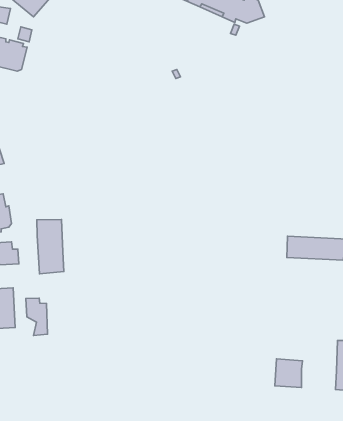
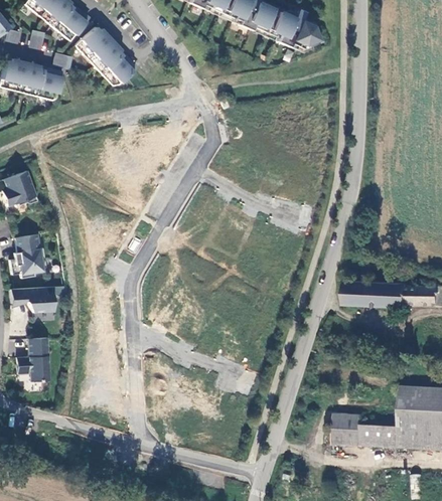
building: none -> [76,26,136,85]
building: [37,219,64,274] -> none
building: [26,298,48,335] -> none
building: none -> [362,425,401,447]

